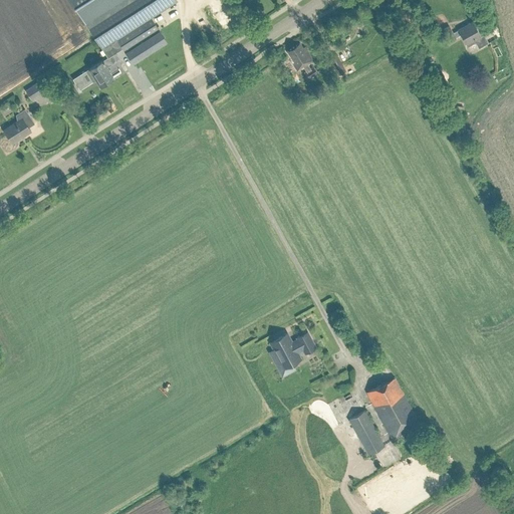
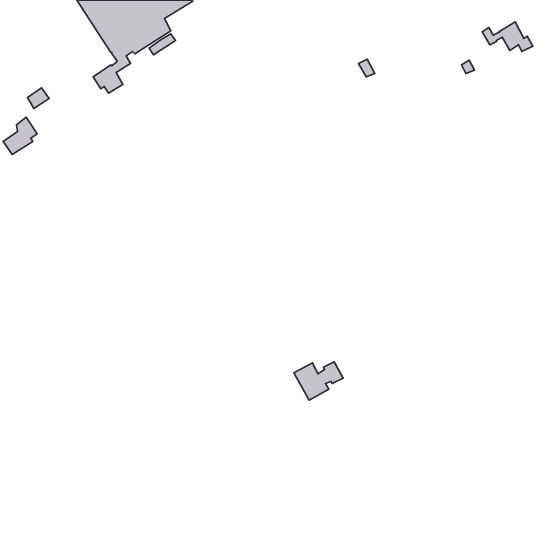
building: [287,43,316,79] -> none
building: [366,377,421,441] -> none
building: [349,411,384,455] -> none

